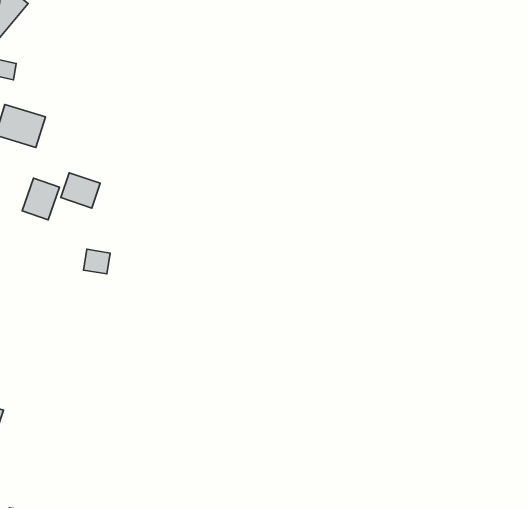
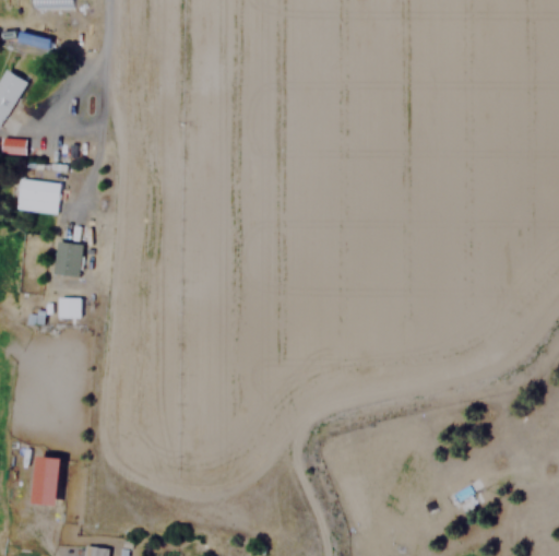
building: [61,173,100,208] -> none
building: [84,249,110,274] -> [57,298,79,318]

